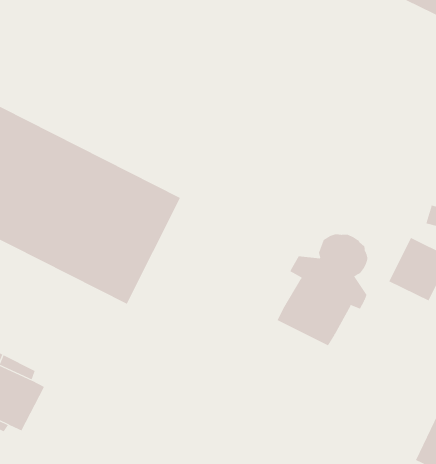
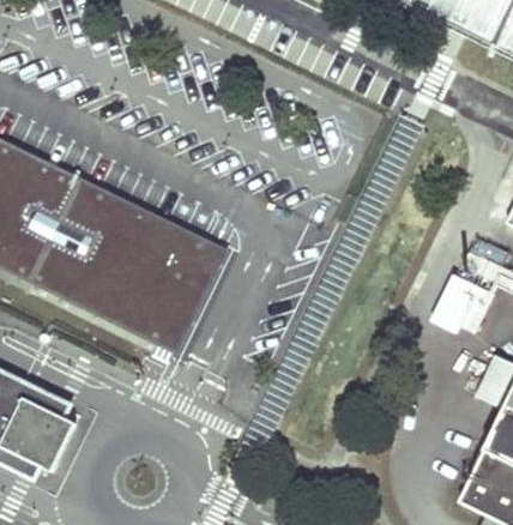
building: [277,234,368,346] -> none

